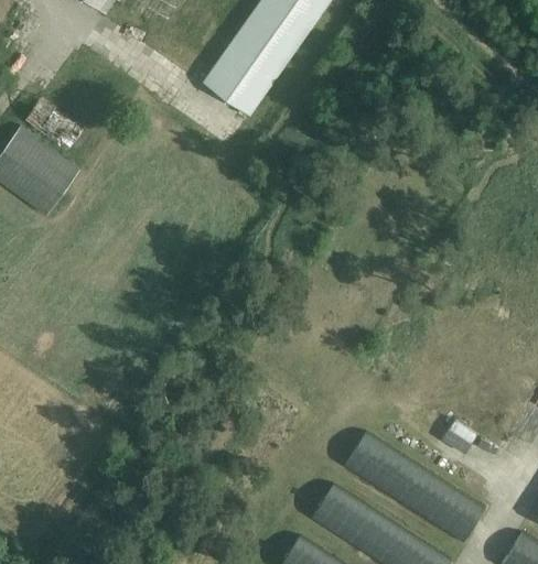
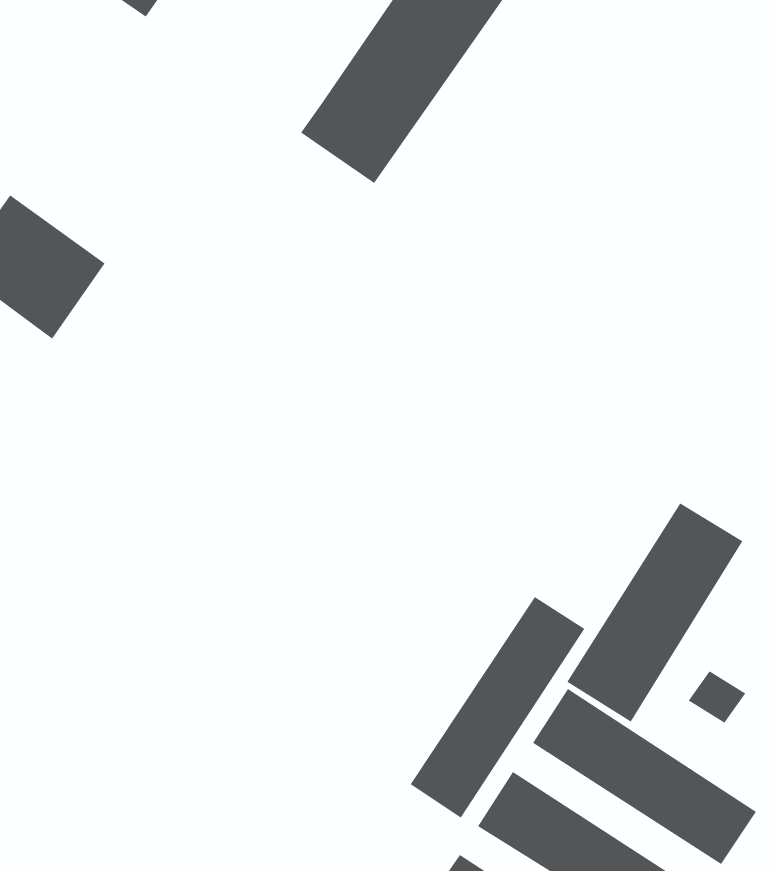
building: none -> [567,502,743,722]
building: none -> [410,596,585,819]

